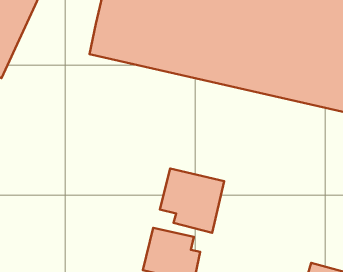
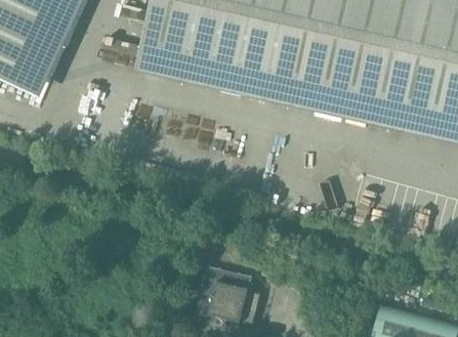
building: [160,168,224,233] -> none

